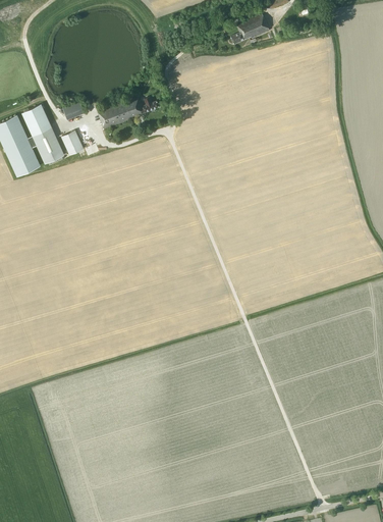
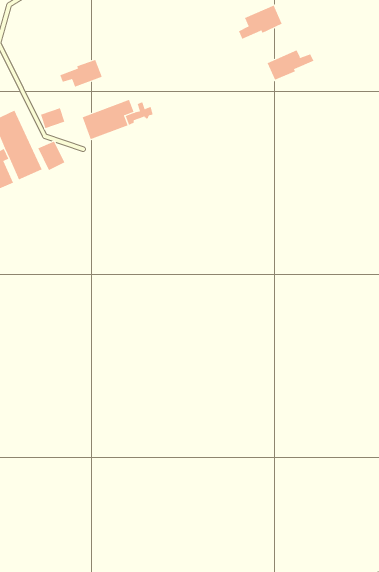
building: none -> [267,50,314,81]
building: none -> [60,59,102,87]

